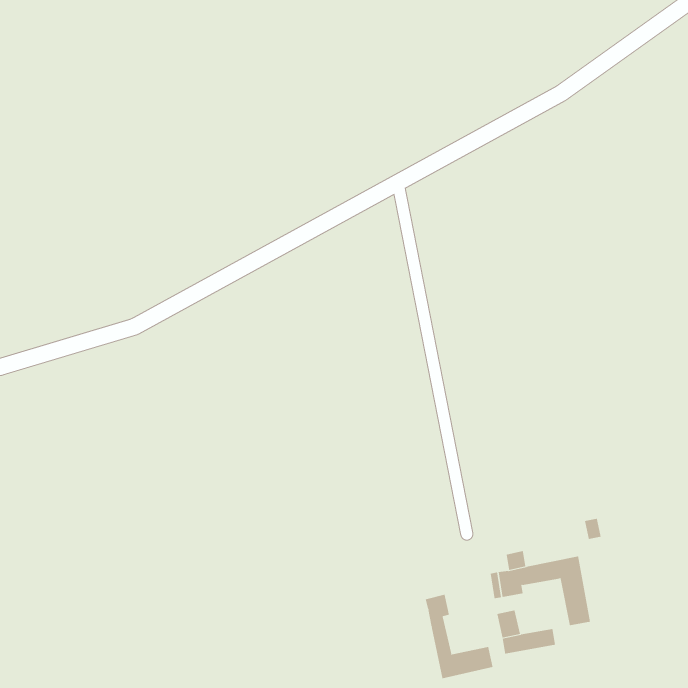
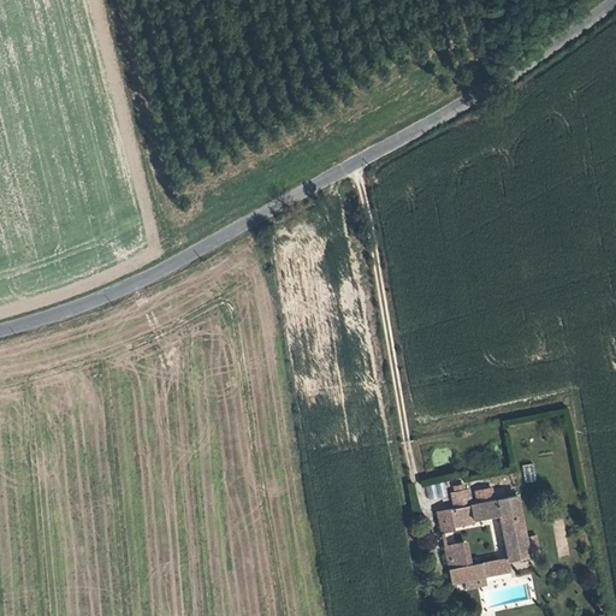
building: [425,594,493,679] -> none

